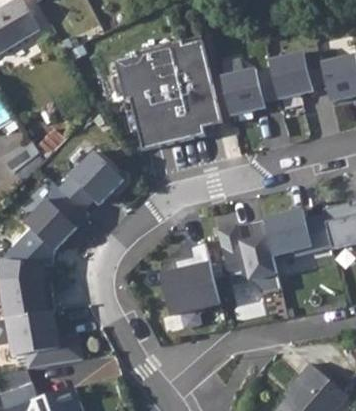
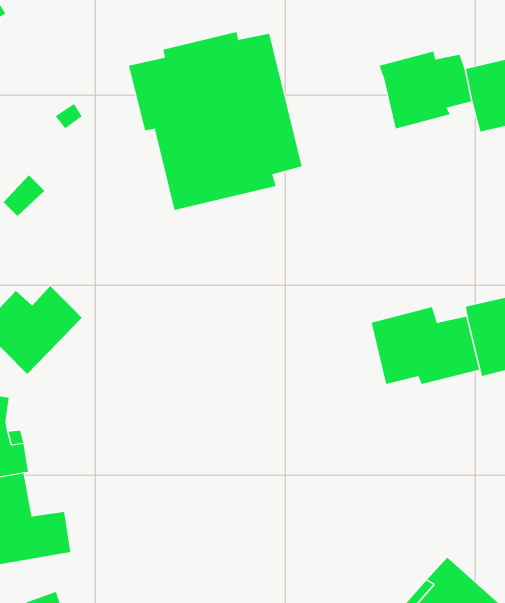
building: [221,69,279,116] -> none
building: [58,151,122,211] -> none
building: [217,219,281,295] -> none
building: [161,243,219,316] -> none

